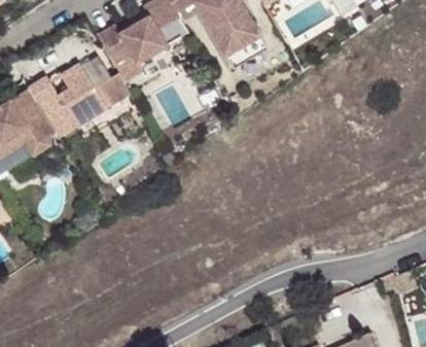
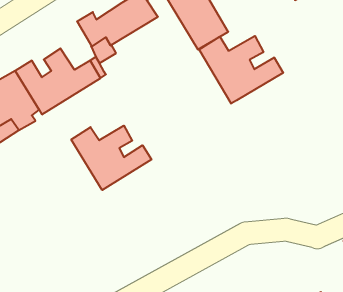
building: none -> [199,36,283,104]
building: none -> [71,126,151,190]

